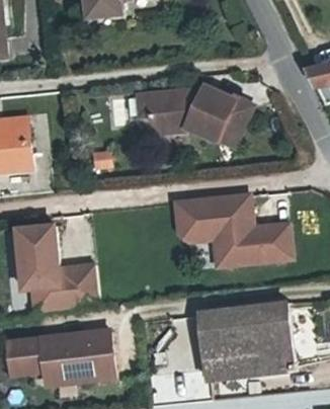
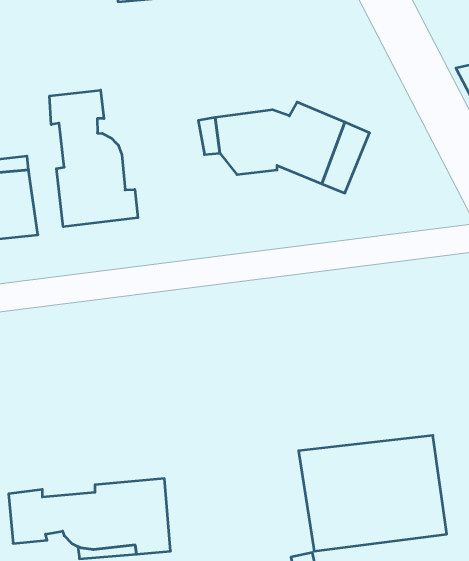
building: none -> [50,90,138,227]
building: [174,193,292,265] -> none
building: [18,228,99,315] -> none

